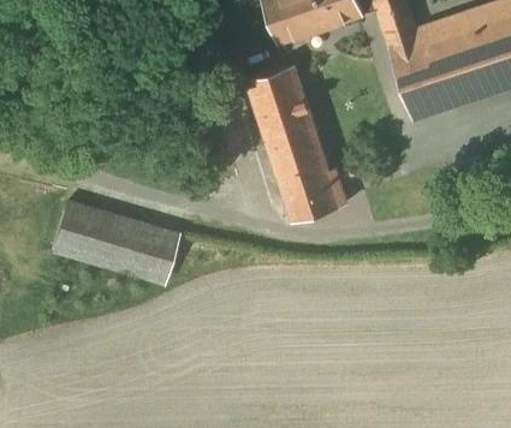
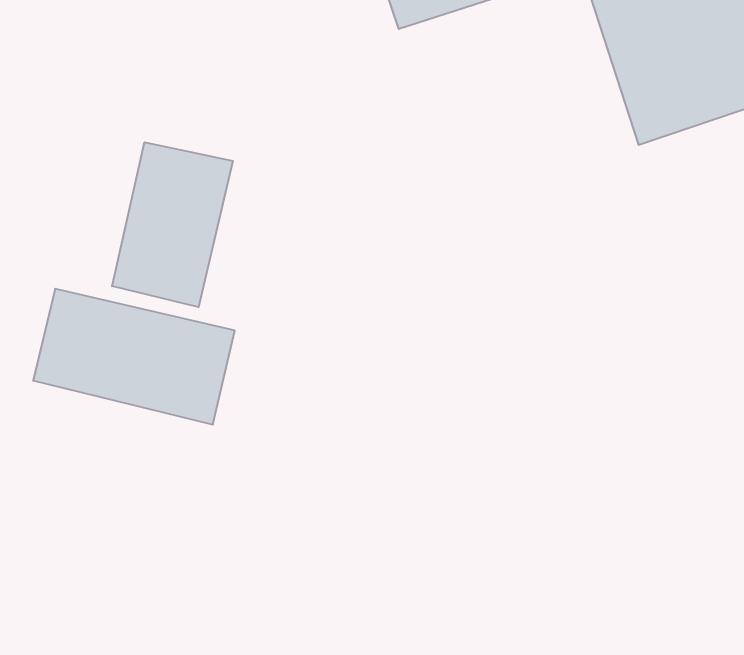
building: [248,64,347,218] -> none
building: none -> [112,142,233,307]

